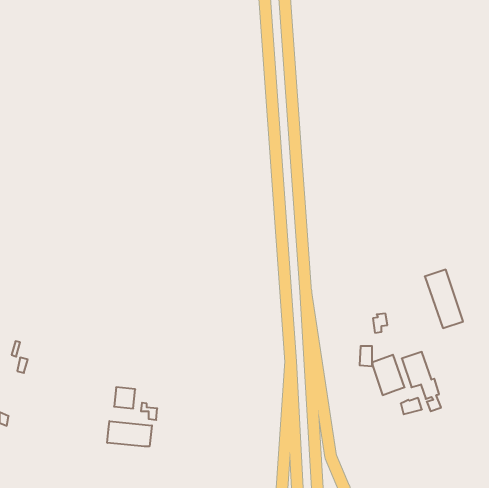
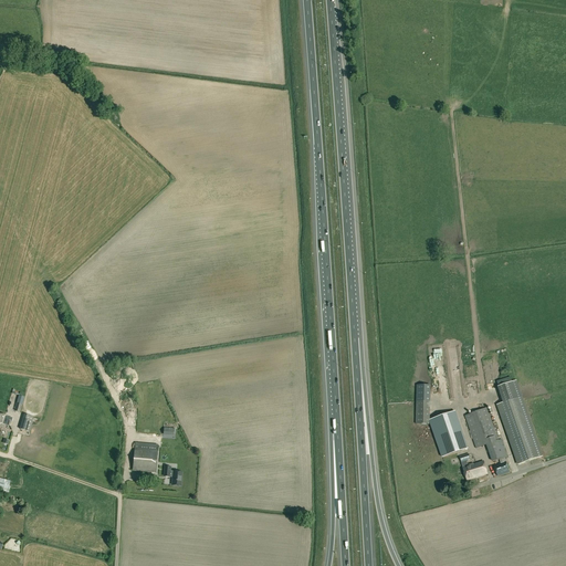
building: [425,270,463,328] -> [496,395,541,462]
building: [107,421,152,446] -> none

